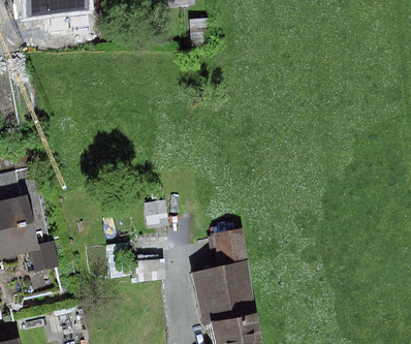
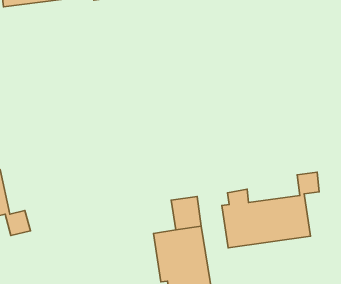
building: none -> [222,172,319,248]

